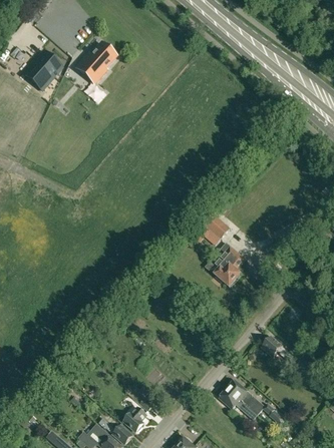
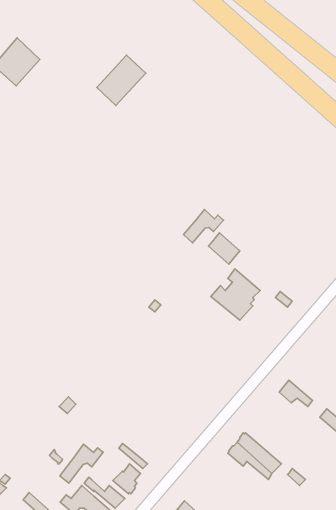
building: [78,42,119,84] -> [97,55,146,106]
building: none -> [183,210,224,243]
building: none -> [60,444,103,483]

